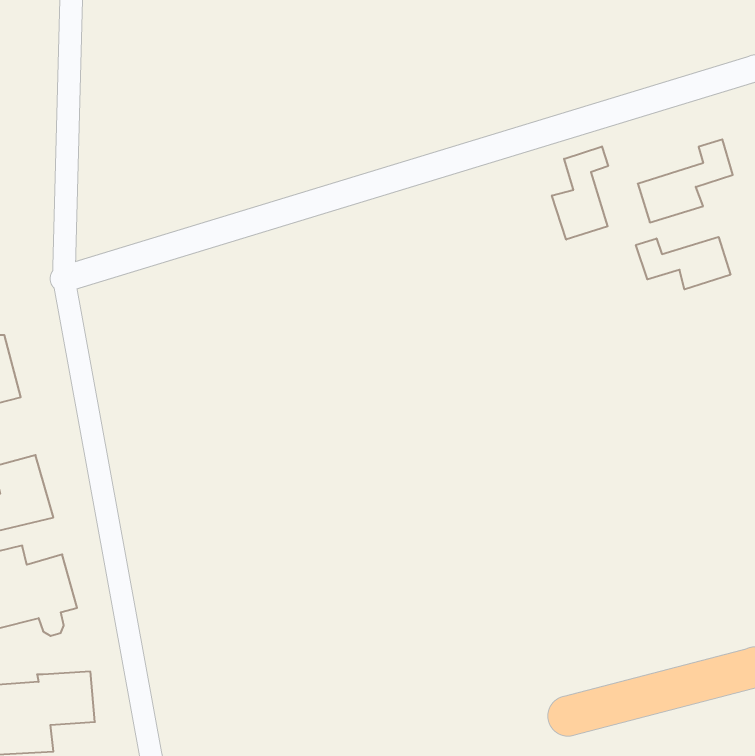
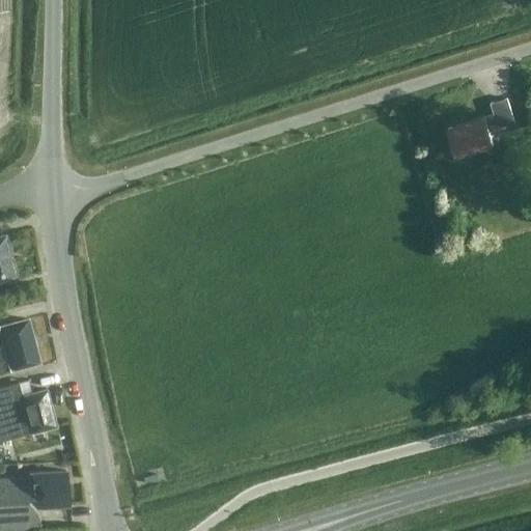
building: [552,146,608,240] -> none
building: [636,237,730,289] -> none

